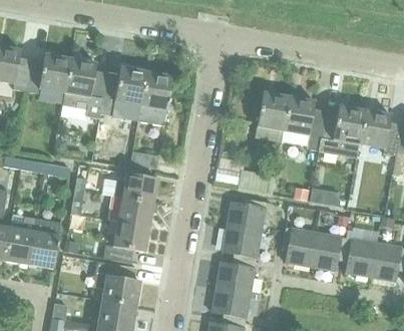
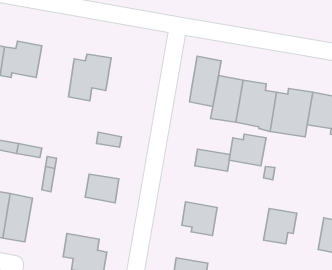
building: [62,58,105,118] -> none
building: [137,71,171,125] -> [190,56,221,106]
building: [113,174,157,202] -> none
building: [226,199,266,233] -> [229,134,266,166]
building: [103,222,149,263] -> none
building: [281,228,316,268] -> none
building: [342,239,375,278] -> none
building: [216,259,255,293] -> none

